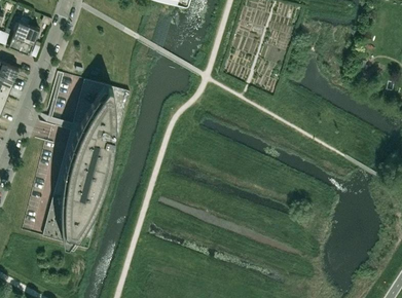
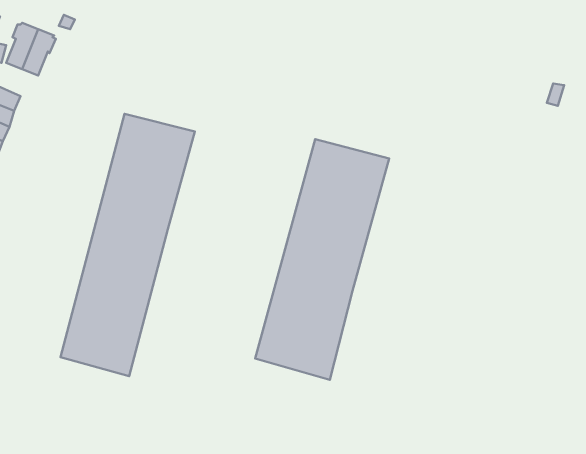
building: none -> [255,139,389,380]

